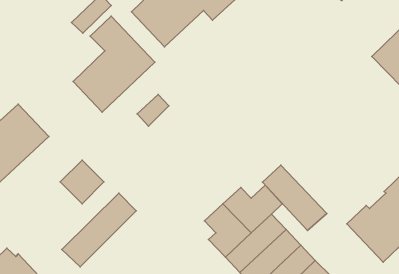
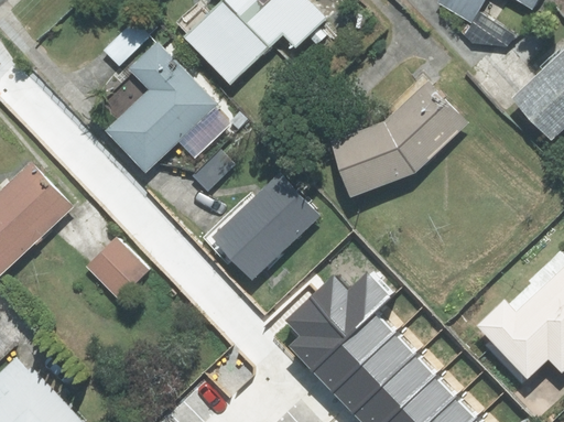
building: none -> [333,82,468,196]
building: none -> [204,174,319,280]
building: [262,165,327,231] -> none
building: [62,193,136,267] -> none

